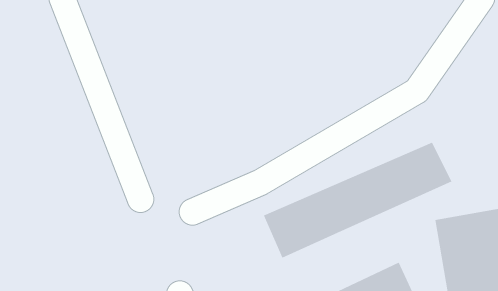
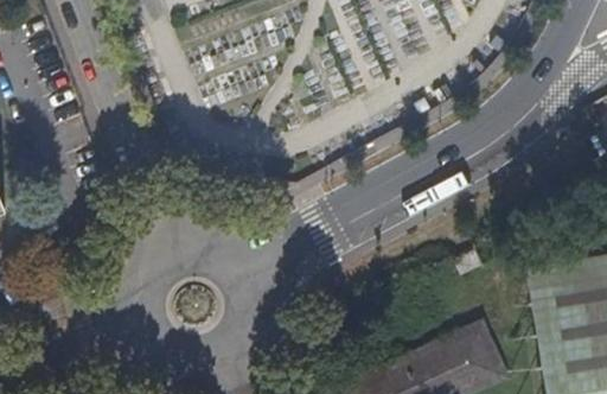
building: [263,142,452,258] -> none

